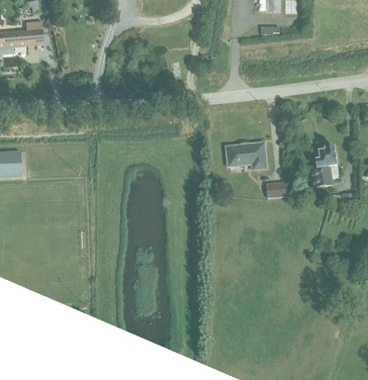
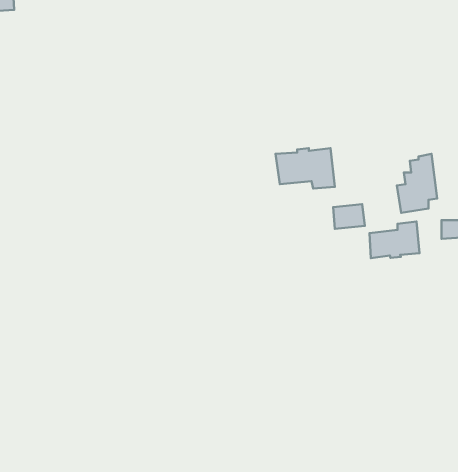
building: none -> [369,221,419,258]

